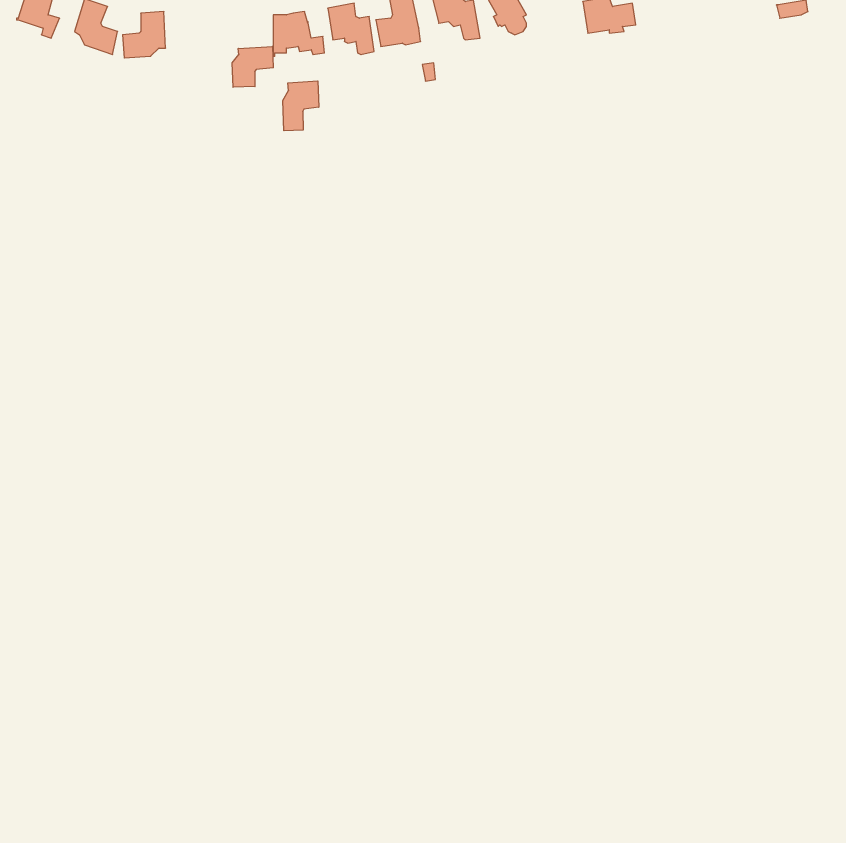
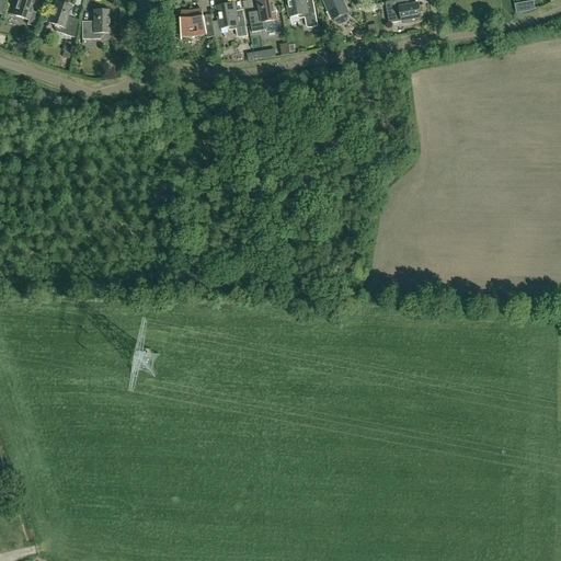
building: [232,46,273,87] -> none
building: [283,81,319,131] -> none

